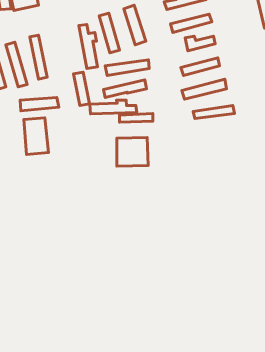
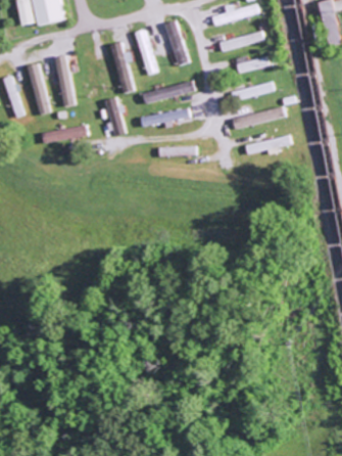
building: [90,100,137,114] -> none
building: [24,118,48,155] -> none
building: [117,137,148,166] -> none

